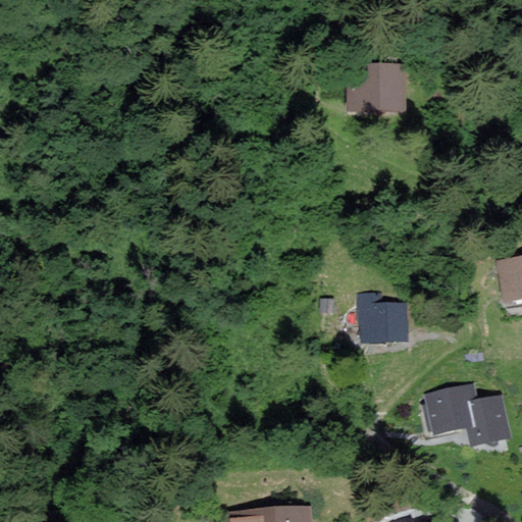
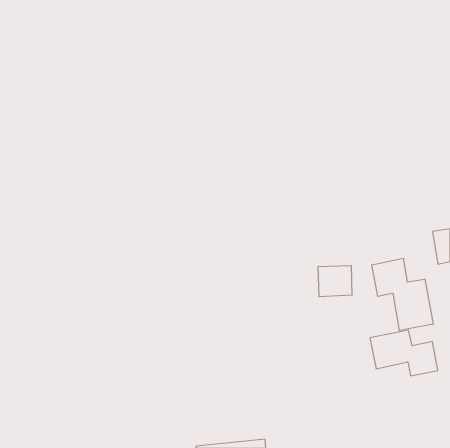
building: [351,72,403,115] -> none
building: none -> [372,258,433,331]

